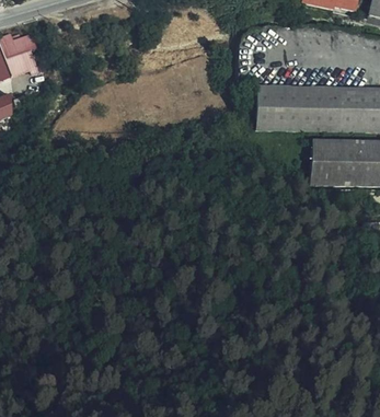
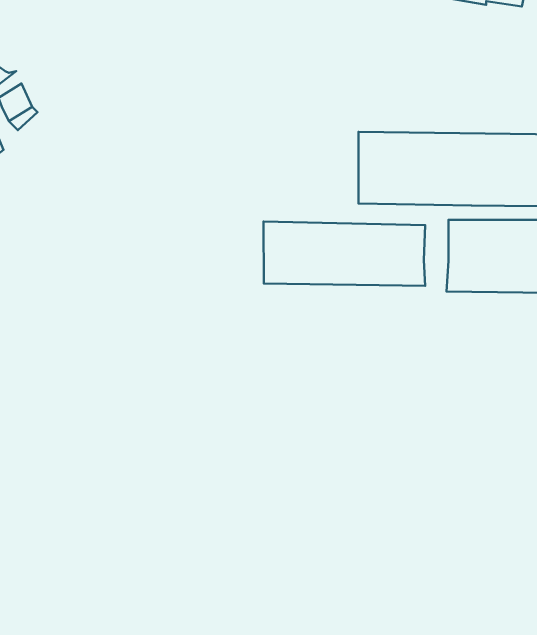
building: none -> [264,221,425,286]

